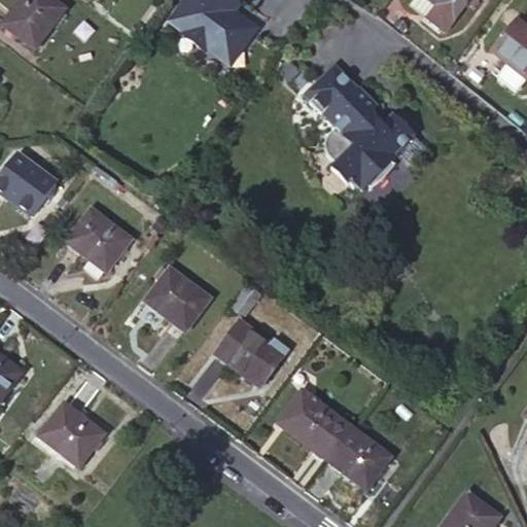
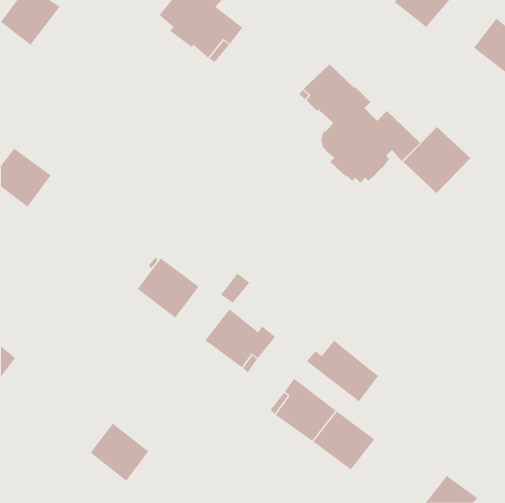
building: none -> [402,126,471,194]
building: [67,209,130,271] -> none
building: none -> [306,340,379,402]
building: [40,403,102,464] -> [90,423,149,481]

